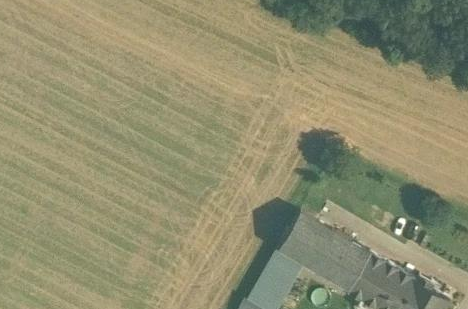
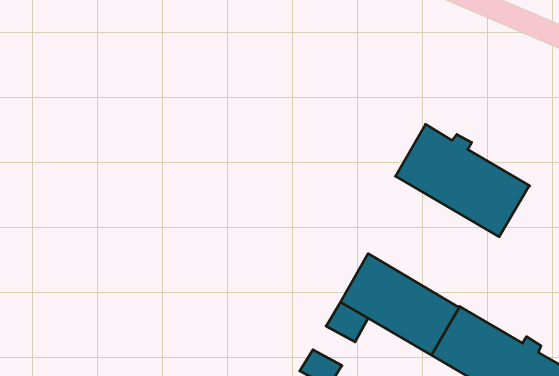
building: none -> [395,124,530,237]
building: [259,268,291,298] -> none

